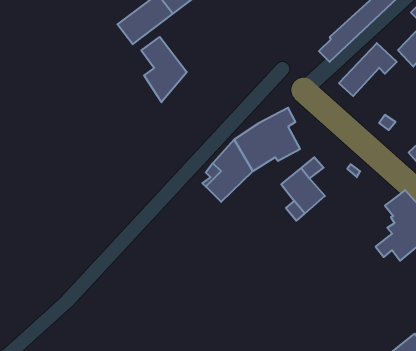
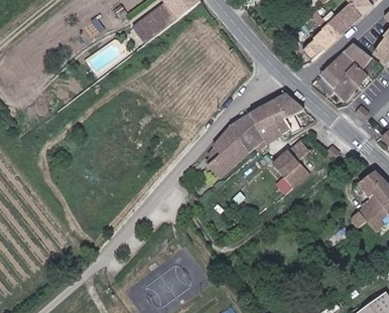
building: [141,37,187,102] -> none
building: none -> [333,63,368,100]
building: none -> [277,95,301,133]

